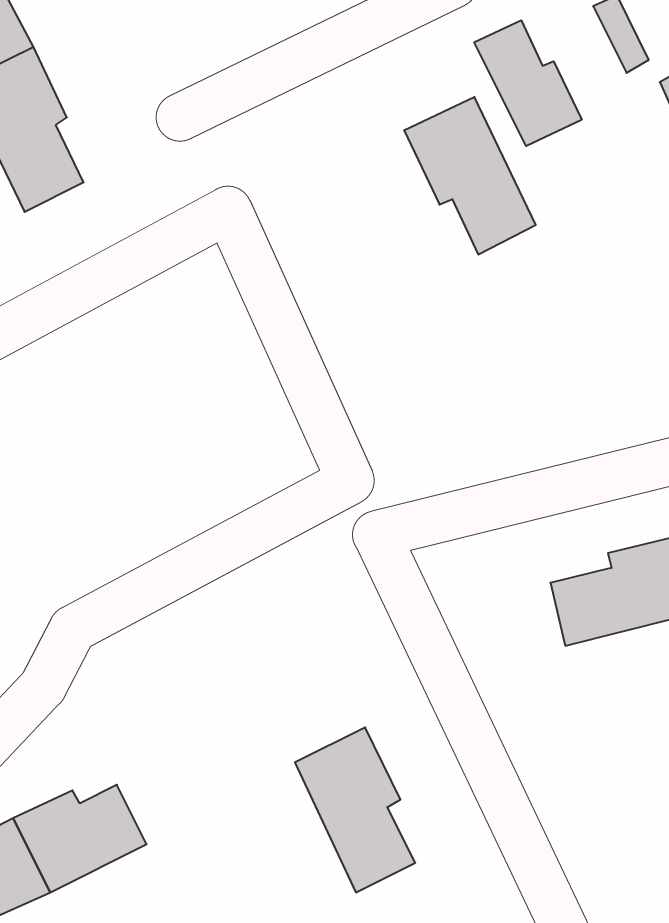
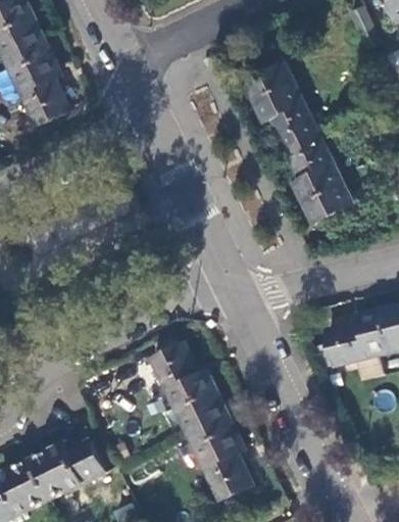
building: [474,20,582,146] -> none
building: none -> [286,133,352,224]
building: none -> [150,342,223,429]

